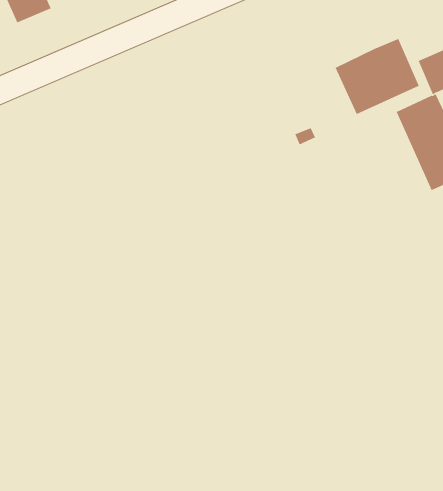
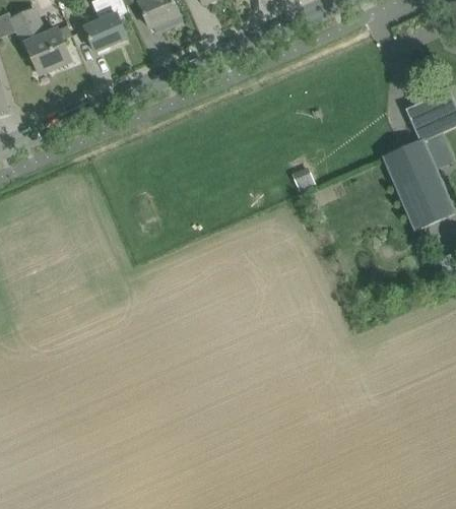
building: [335,38,419,115] -> none

